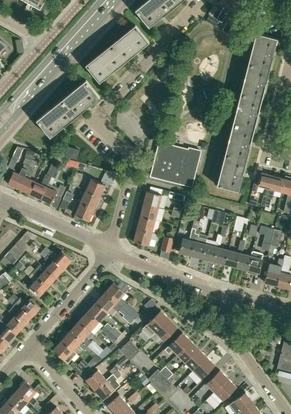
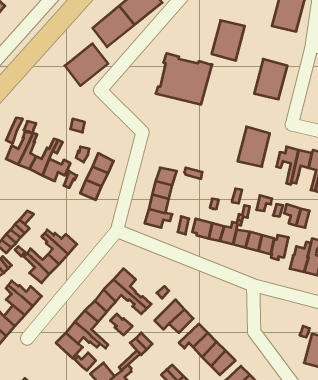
building: [240,64,270,100] -> [212,20,245,60]
building: [36,100,75,138] -> none
building: [225,125,254,161] -> none
building: [150,141,201,187] -> [156,53,212,104]

